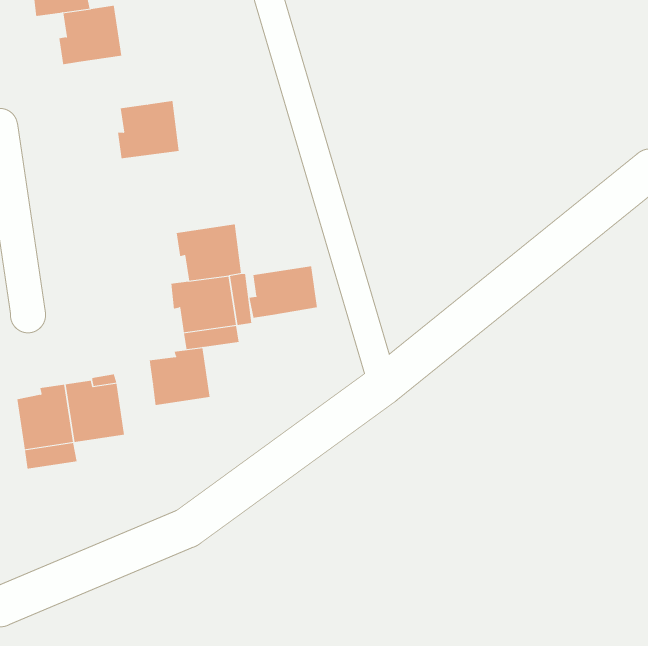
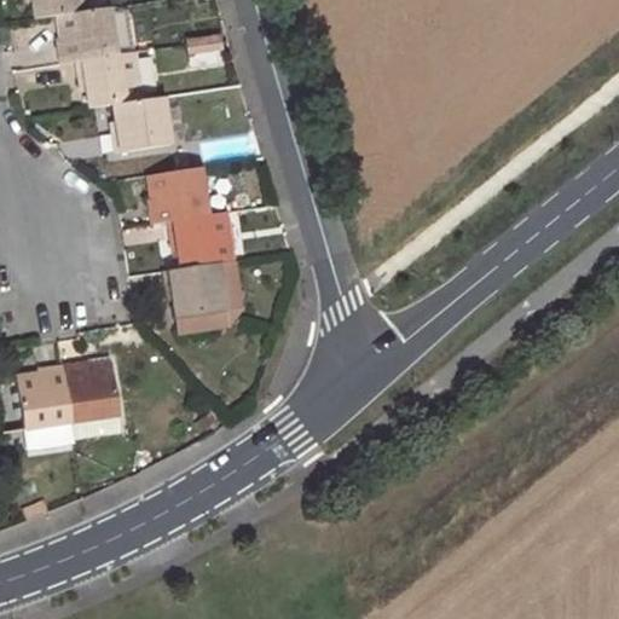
building: none -> [77,51,143,108]
building: none -> [149,166,209,224]
building: [249,265,317,318] -> none
building: [149,347,210,406] -> none

